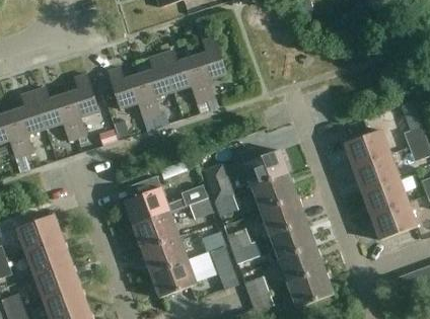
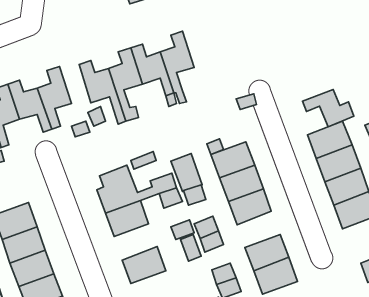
building: none -> [303,89,354,127]
building: [270,222,314,259] -> none
building: [142,235,187,272] -> none

